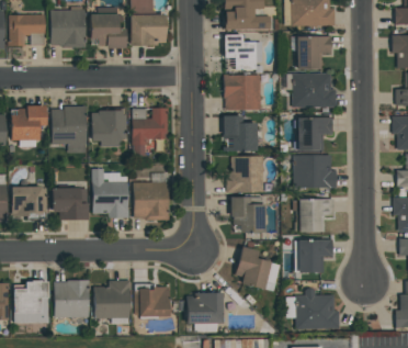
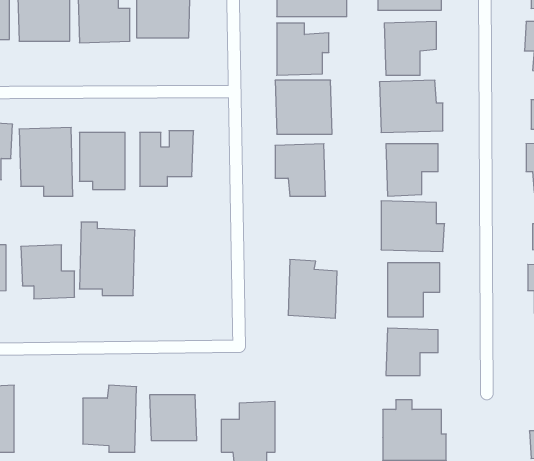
building: [227,156,264,193] -> none
building: [133,172,169,221] -> none
building: [235,245,272,290] -> none
building: [54,280,89,317] -> none

